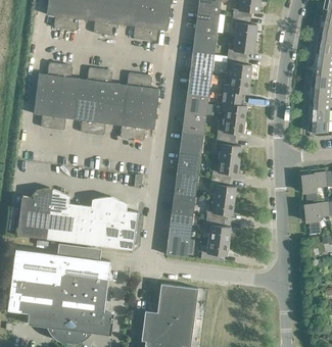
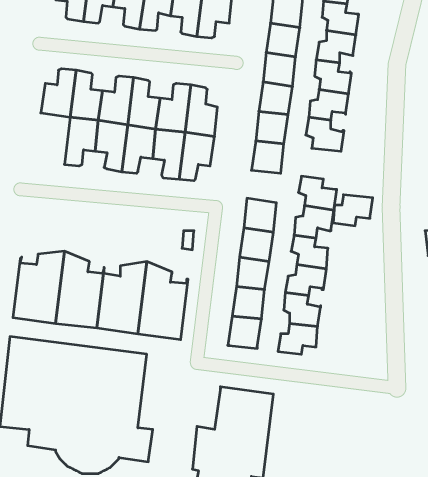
building: [33,93,56,129] -> none
building: [217,117,244,139] -> [333,195,373,226]
building: [179,133,202,155] -> none

